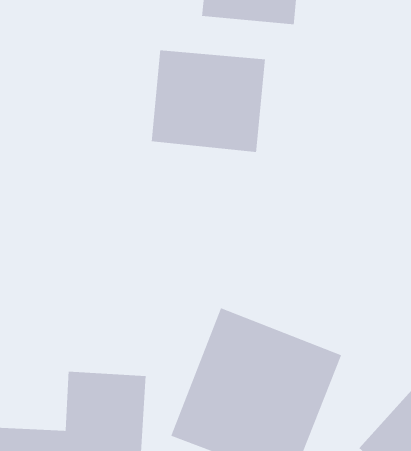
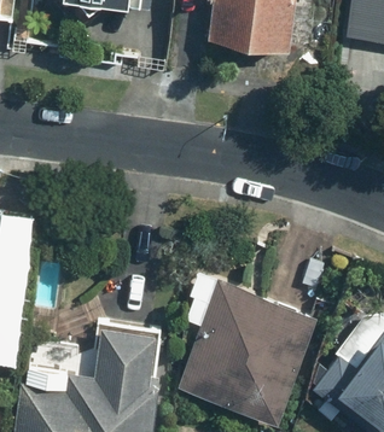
building: [151,50,266,153] -> none

